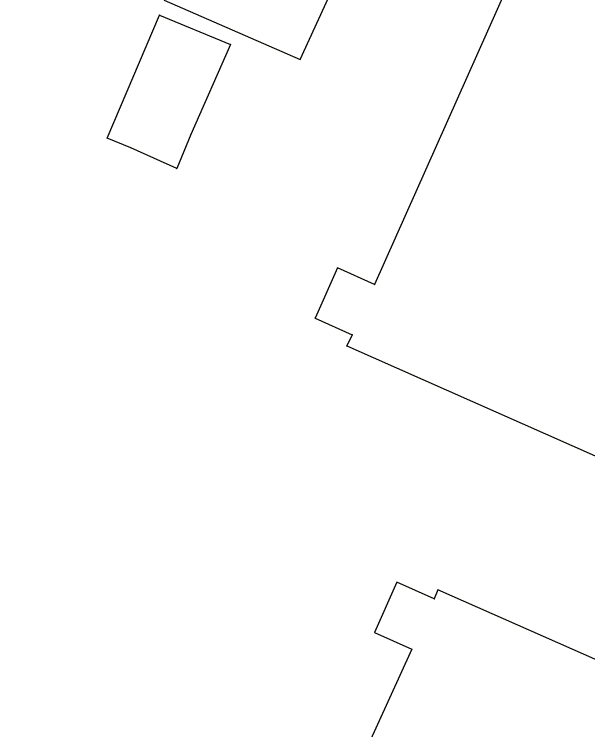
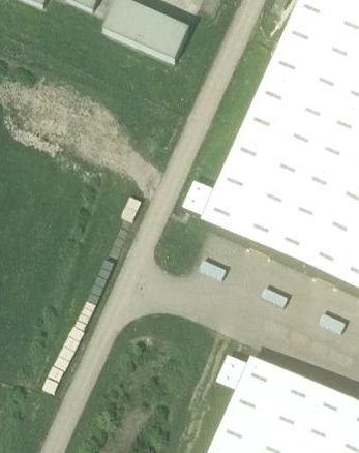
building: [107,15,230,169] -> none

